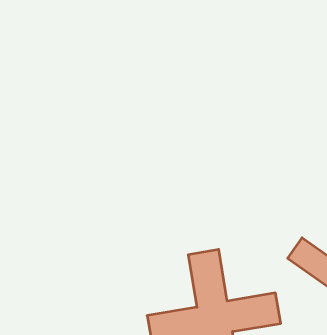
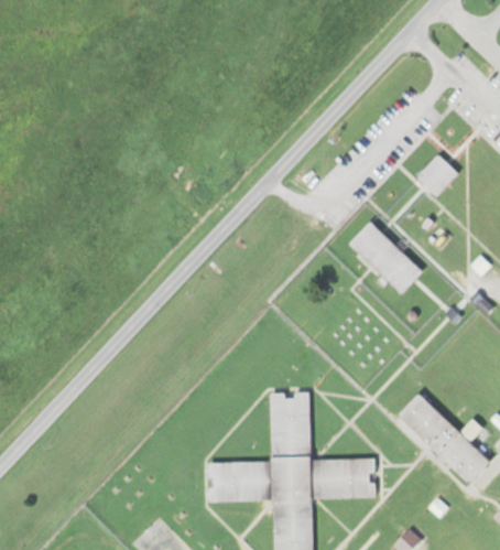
building: none -> [415,154,459,198]
building: none -> [349,222,423,294]

